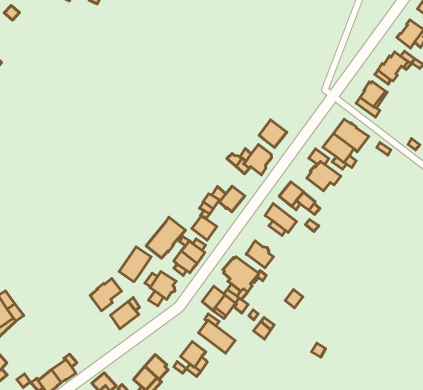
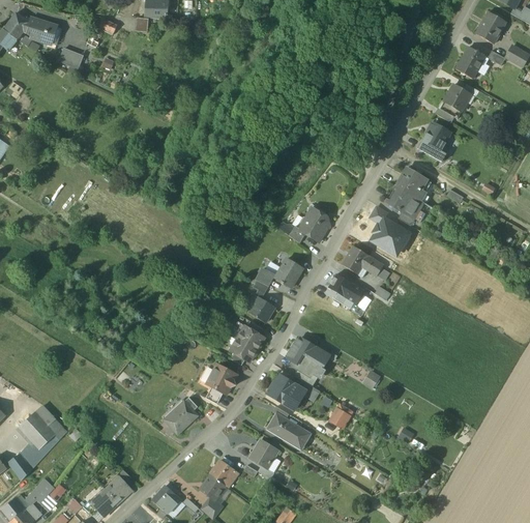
building: [259,120,287,148] -> none
building: [146,217,185,258] -> none
building: [246,241,274,268] -> none
building: [119,247,151,282] -> none
building: [90,278,121,311] -> none

